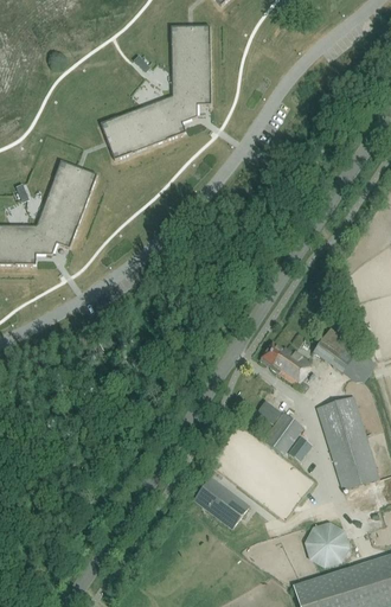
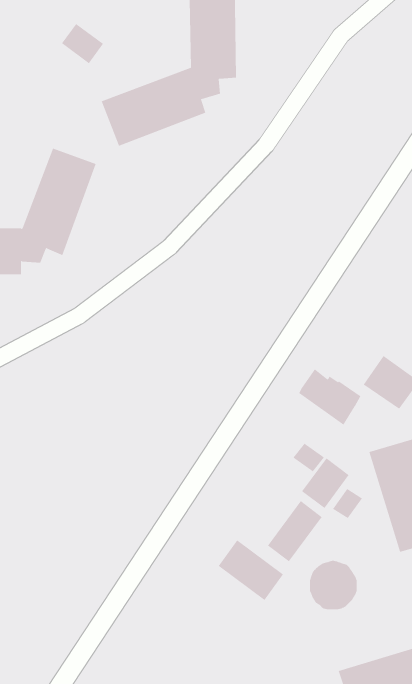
building: none -> [61,23,104,64]
building: none -> [267,500,322,562]
building: [307,524,346,564] -> [309,560,357,610]

